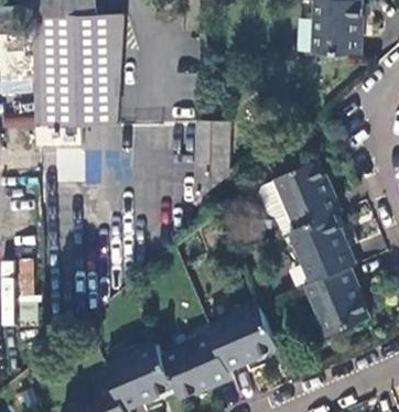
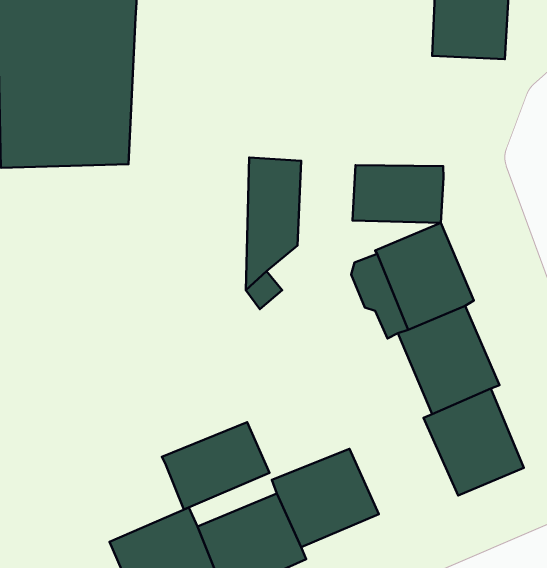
building: none -> [353,165,444,223]
building: none -> [162,422,269,510]

